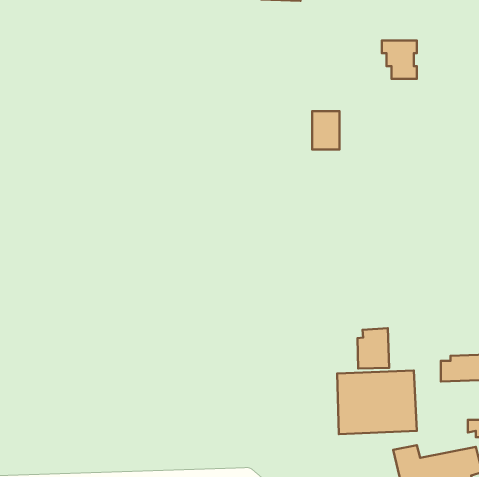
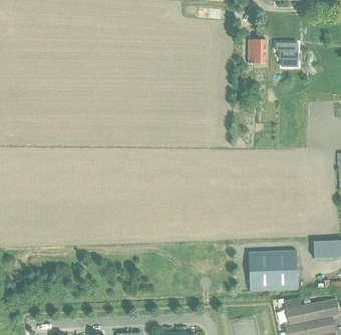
building: [312,111,339,150] -> [249,39,266,63]
building: [357,328,389,368] -> none

